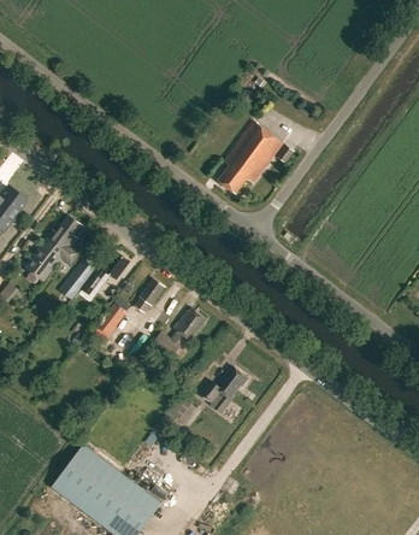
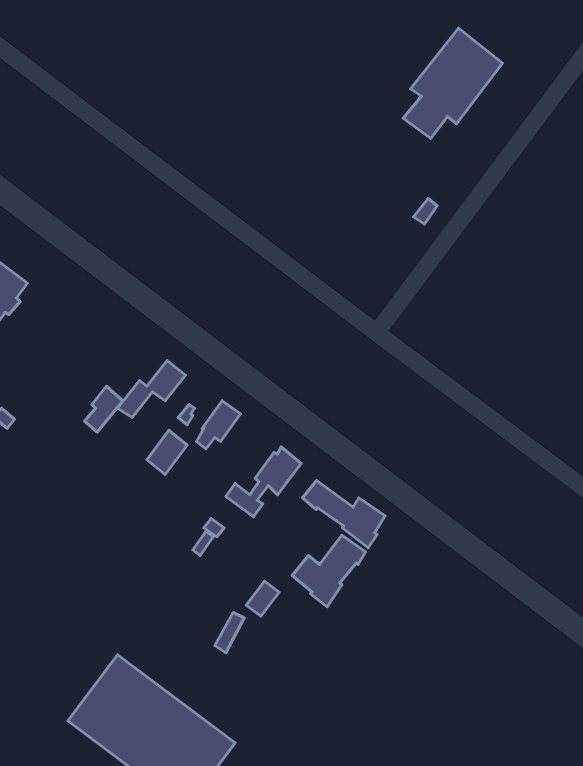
building: [218,120,283,193] -> [403,28,502,139]
building: [24,216,81,281] -> none
building: none -> [303,480,385,548]

